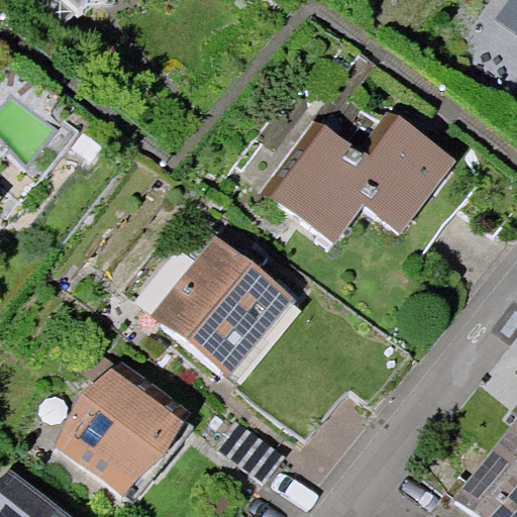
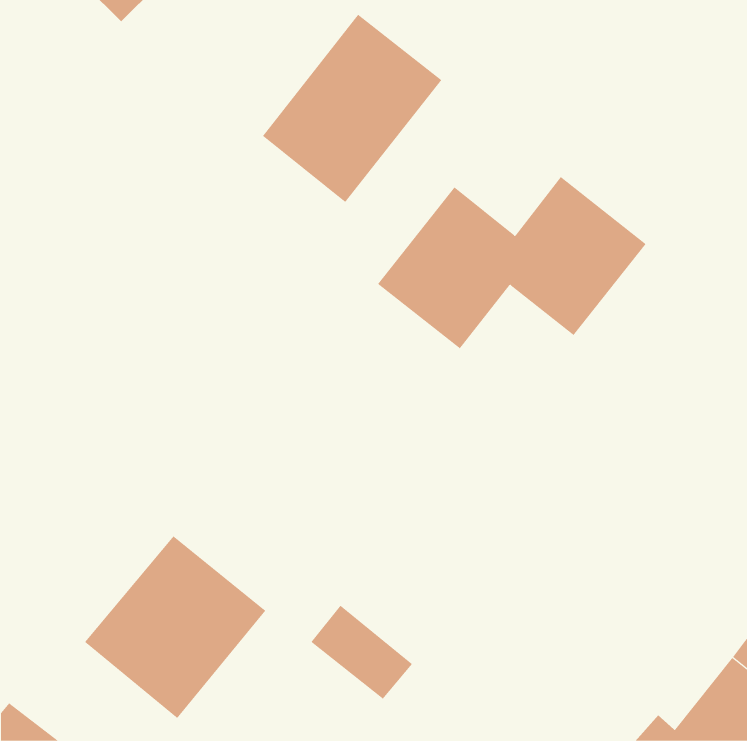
building: none -> [262,14,442,203]
building: [162,230,287,370] -> none

